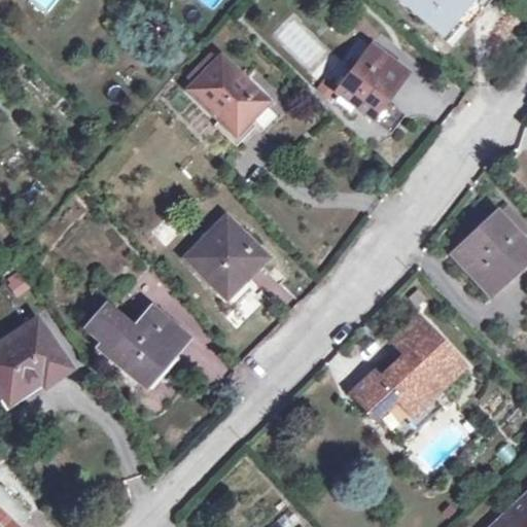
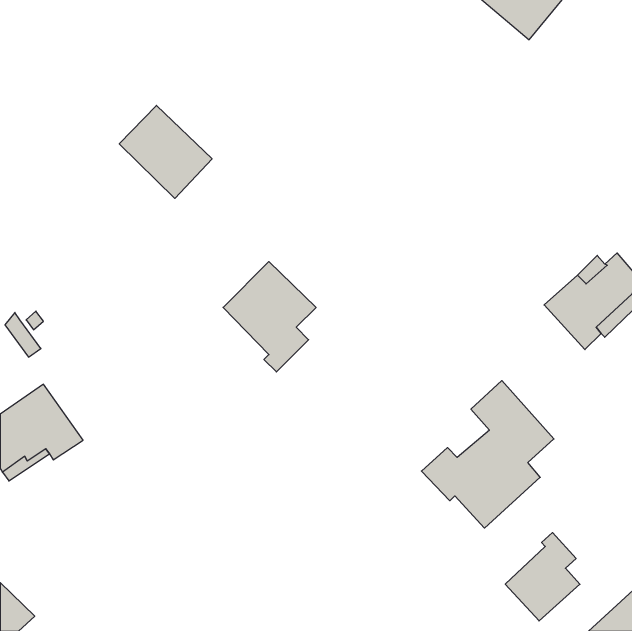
building: [336,43,405,115] -> none
building: [188,55,266,132] -> [119,105,212,198]
building: [89,305,185,384] -> none
building: none -> [505,533,580,621]

